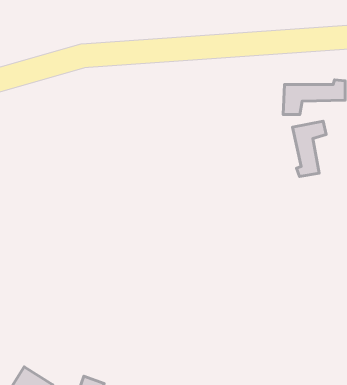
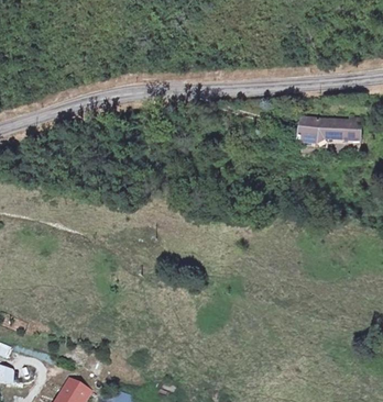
building: [293,121,326,177] -> none

